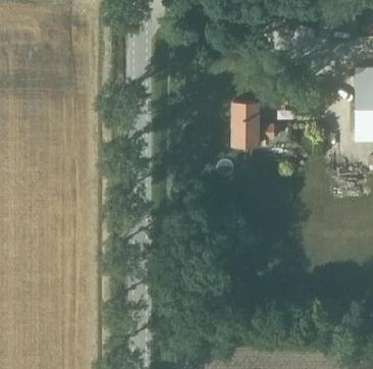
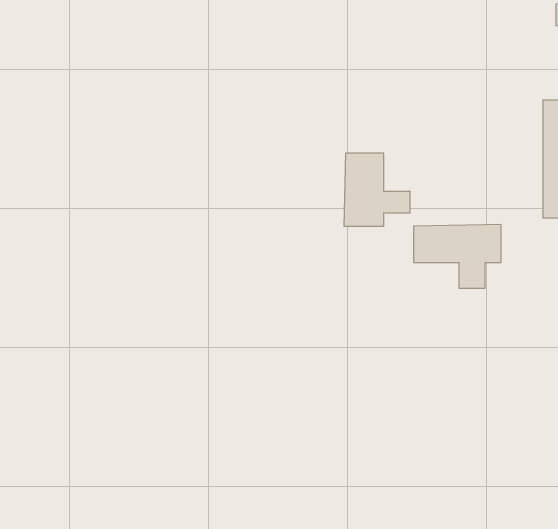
building: none -> [414,224,501,288]

